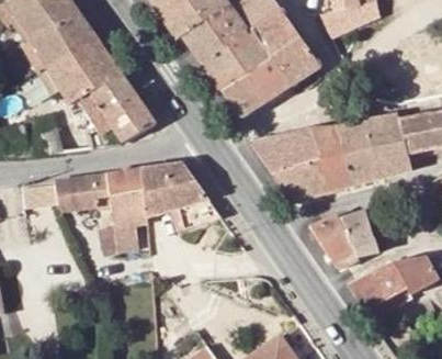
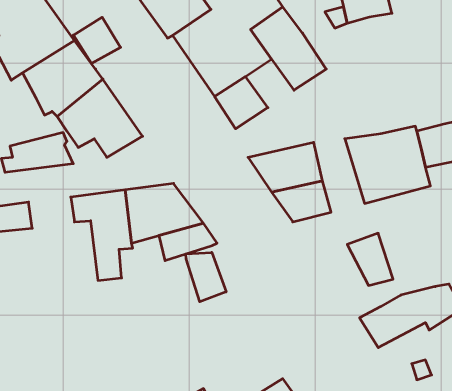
building: none -> [73,17,121,64]
building: [248,55,291,98] -> none
building: [308,125,353,190] -> none
building: [56,177,97,212] -> none
building: [310,214,359,268] -> none
building: none -> [186,252,226,302]

